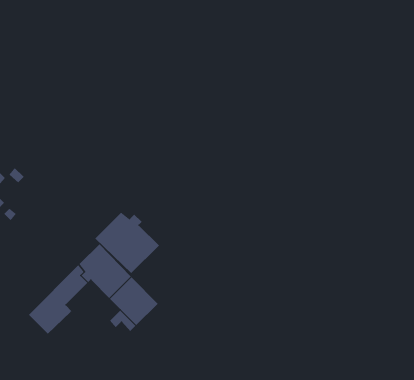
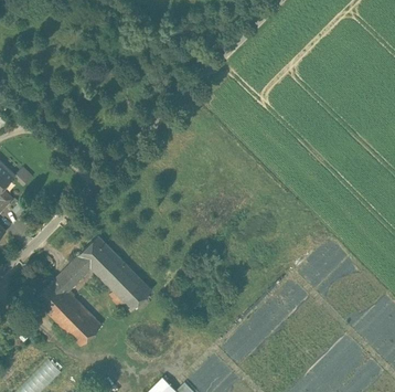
building: [94,212,160,274] -> none
building: none -> [52,298,100,347]

